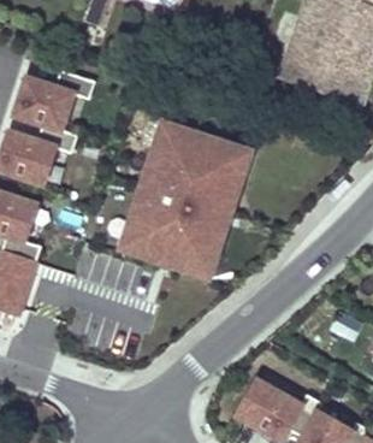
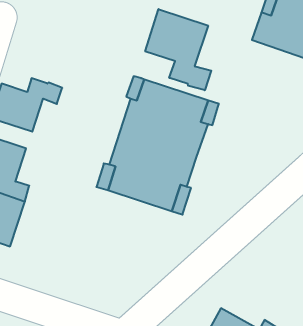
building: none -> [145,9,211,90]
building: [12,70,93,130] -> none

